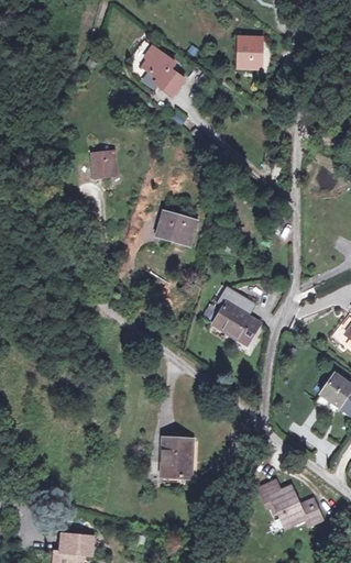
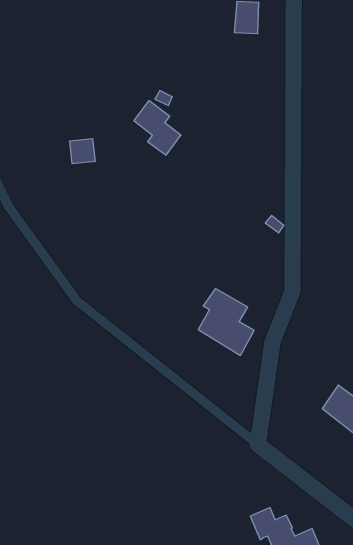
building: [144,42,186,90] -> [134,101,181,155]
building: [161,213,196,243] -> none
building: [162,440,190,477] -> none

